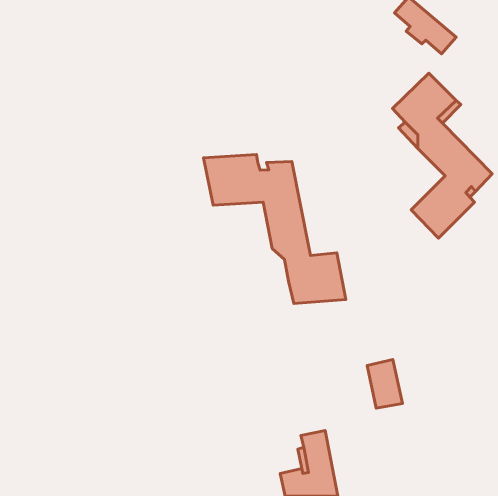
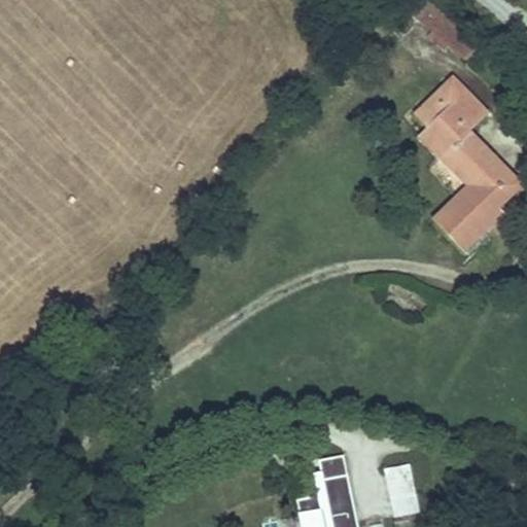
building: [203,155,346,304] -> none
building: [367,360,402,408] -> [384,462,421,514]

